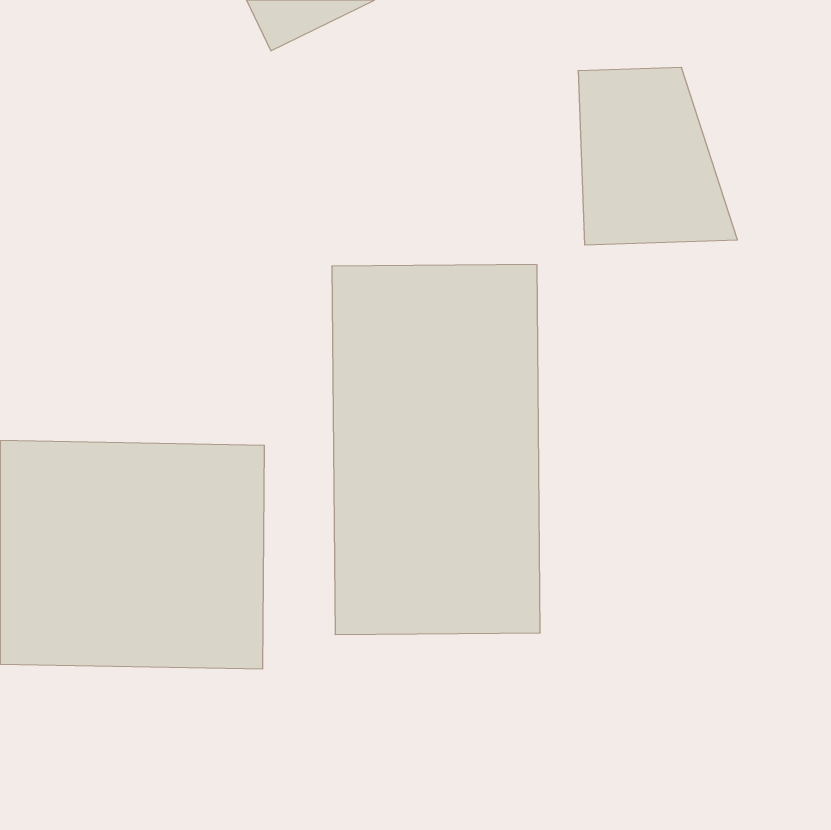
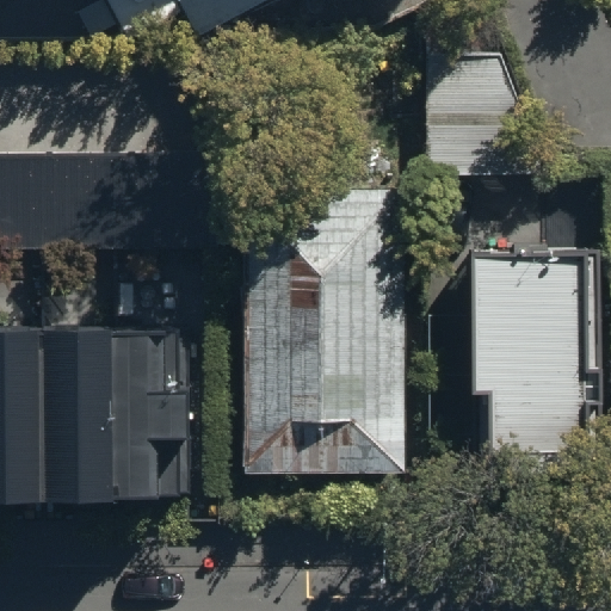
building: none -> [464,265,586,505]

